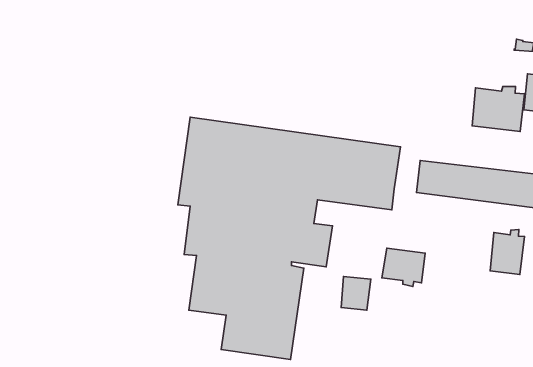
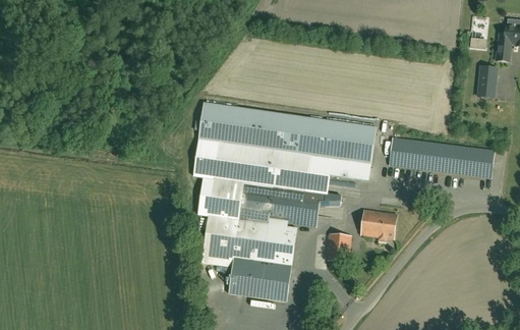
building: [472,87,525,131] -> none
building: [490,230,524,274] -> none

